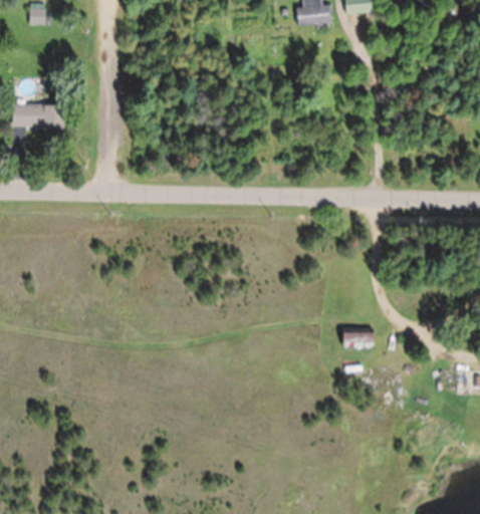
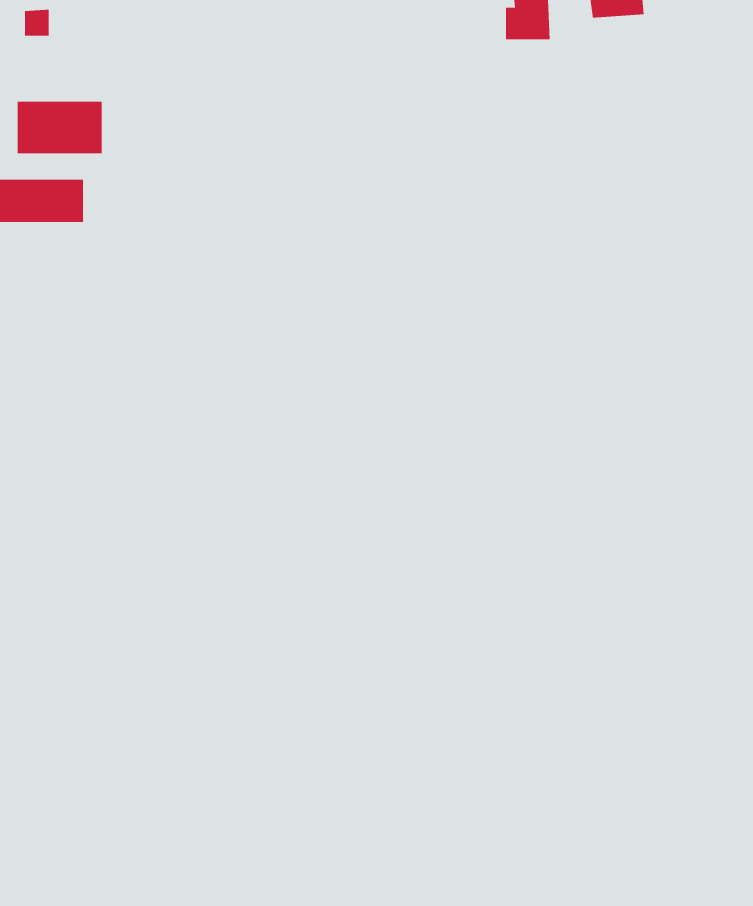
building: none -> [17,101,102,154]
building: [342,328,373,348] -> none

